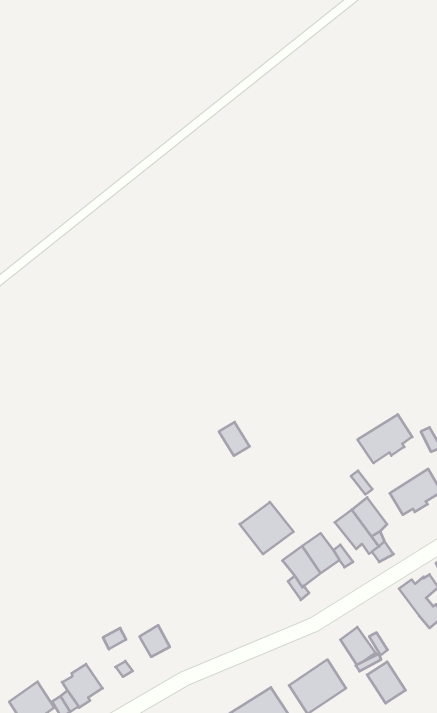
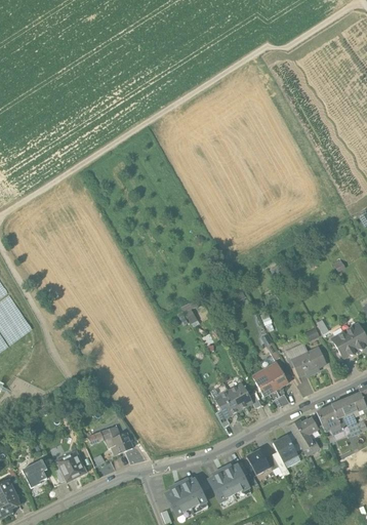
building: [358,414,412,463] -> none
building: [240,502,293,554] -> none
building: [367,662,406,703] -> [273,433,297,460]

